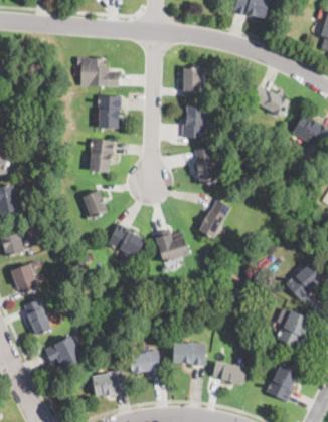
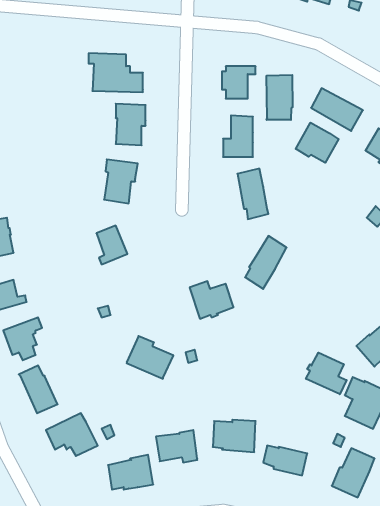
building: none -> [267,75,293,120]
building: none -> [296,123,339,163]
building: [109,223,145,256] -> [127,336,173,379]
building: none -> [306,353,347,394]

